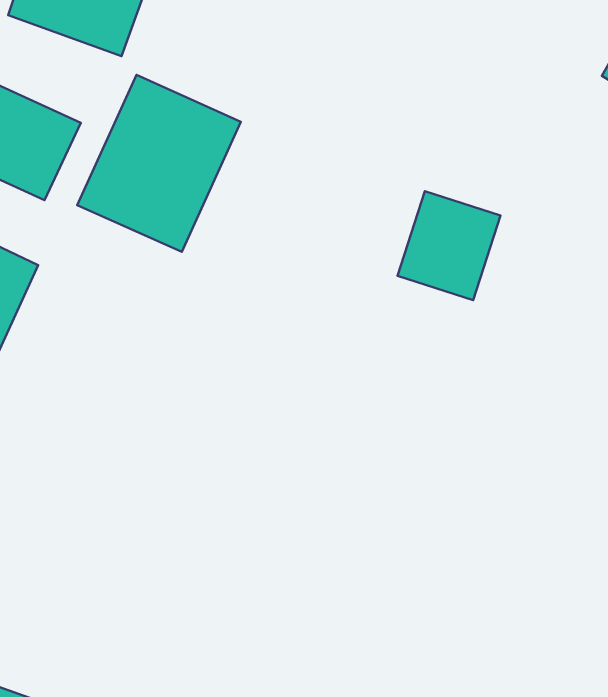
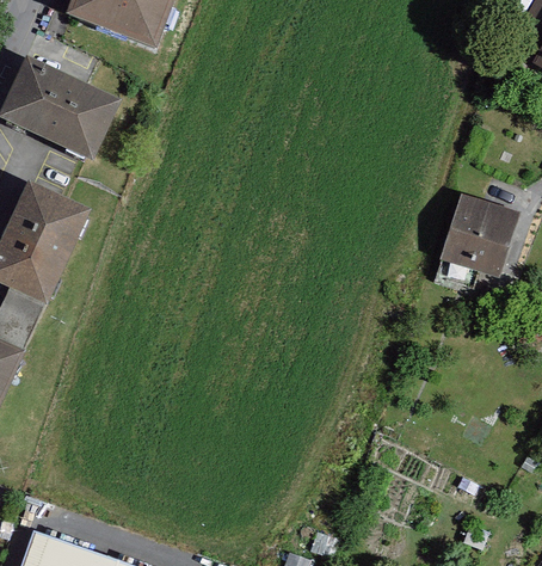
building: [77,75,241,252] -> none
building: [397,191,501,300] -> [438,196,519,282]

